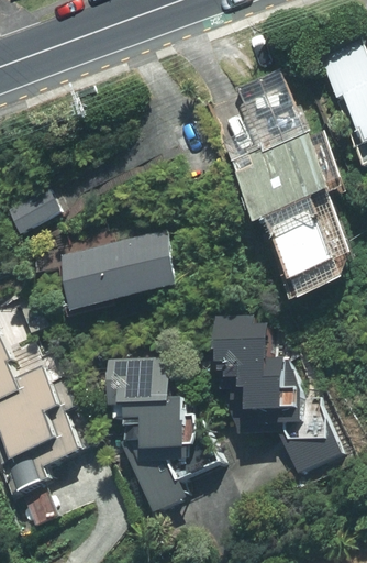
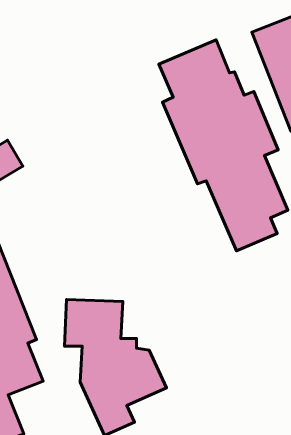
building: [59,225,180,317] -> none
building: [210,318,338,477] -> none

